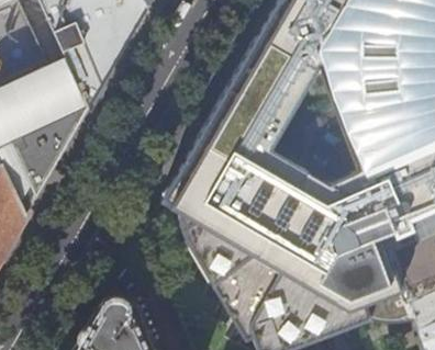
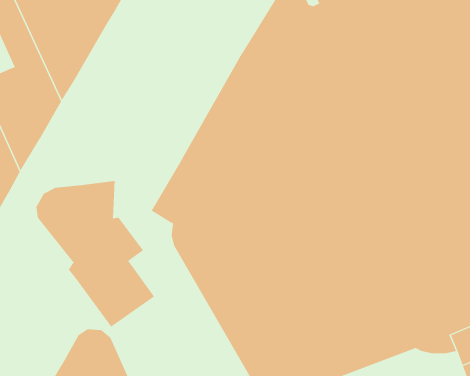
building: none -> [36,180,155,328]

